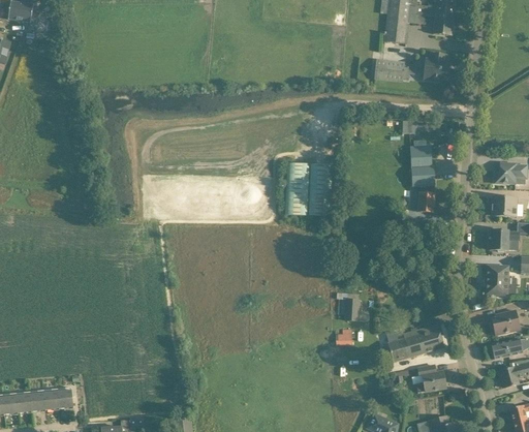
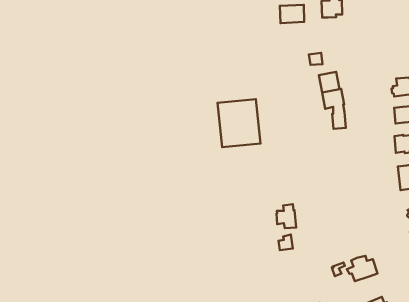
building: [385,323,444,361] -> none

